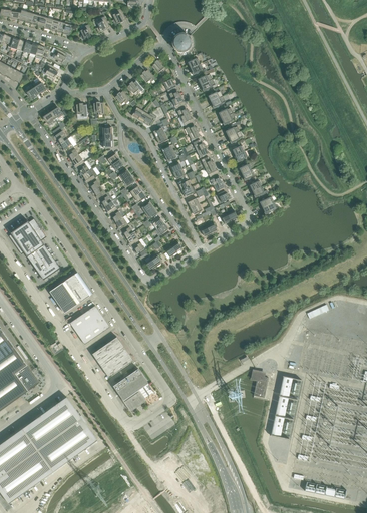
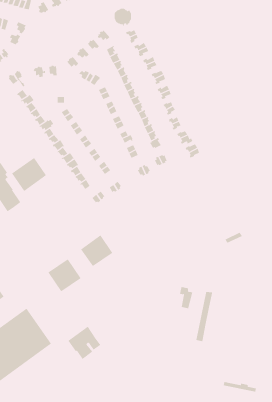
building: [49,272,92,314] -> [11,157,47,192]
building: [69,306,109,345] -> [80,235,113,267]
building: [112,369,153,410] -> [67,326,101,360]

